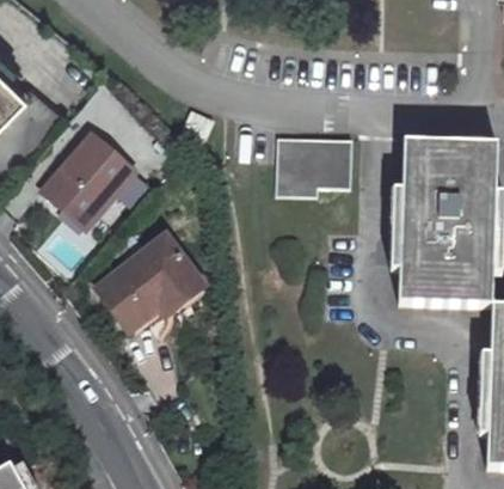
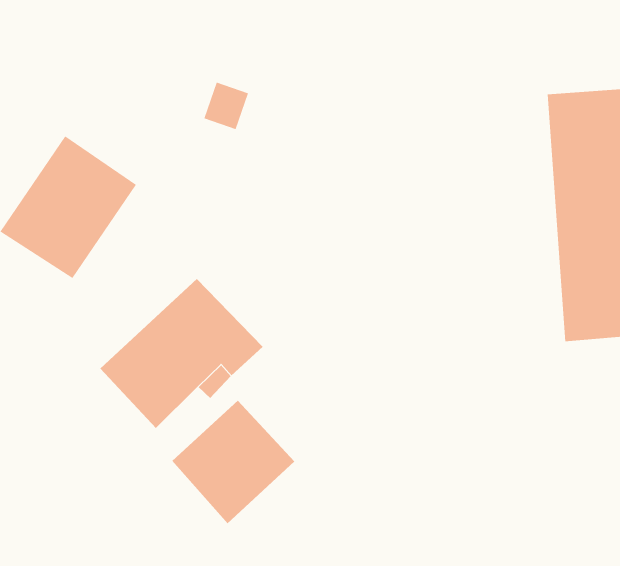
building: [277,135,351,192] -> none
building: none -> [172,400,295,524]

